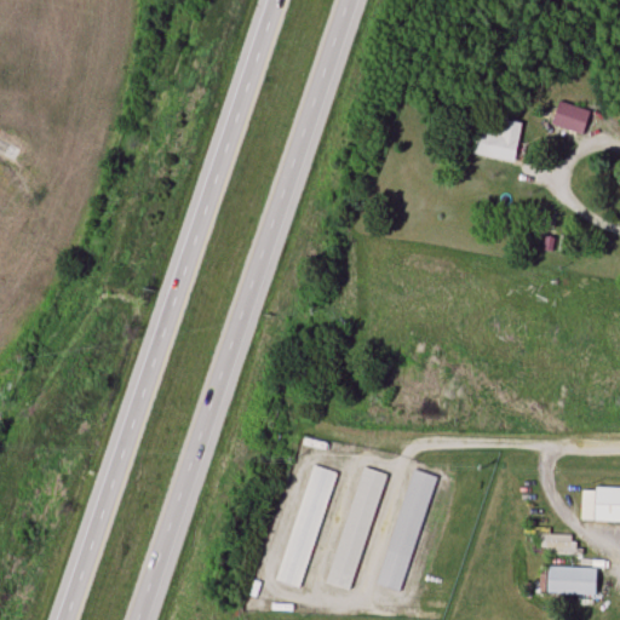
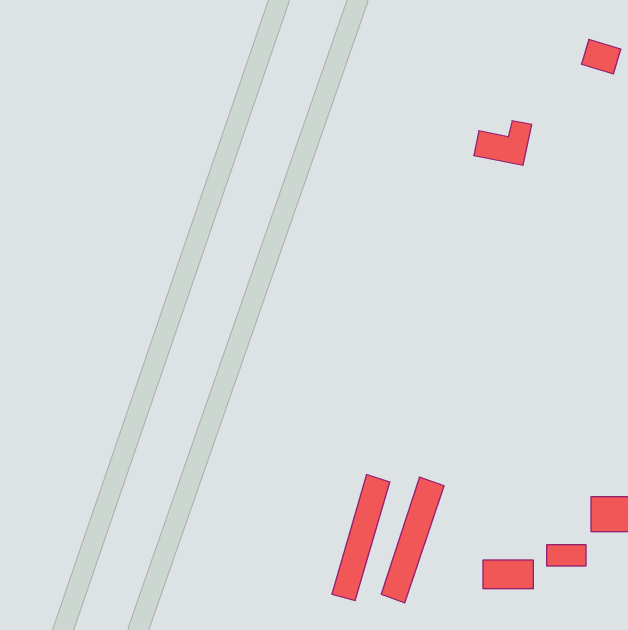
building: [553,101,592,134] -> [581,39,621,74]
building: [277,465,337,589] -> none
building: [549,567,598,595] -> [483,560,533,589]

